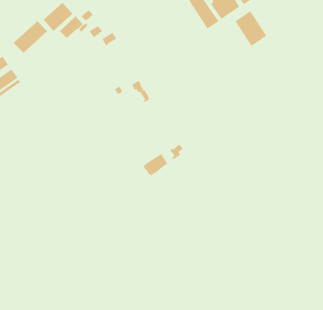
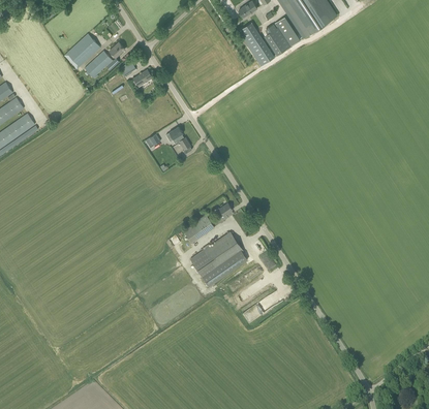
building: [235,10,267,47] -> none
building: [13,21,48,53] -> none
building: none -> [190,231,248,286]

